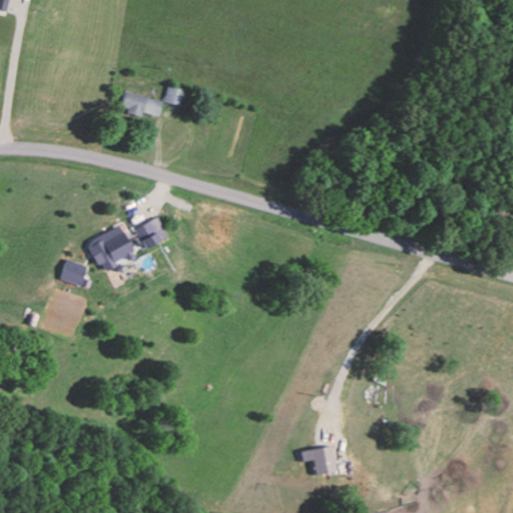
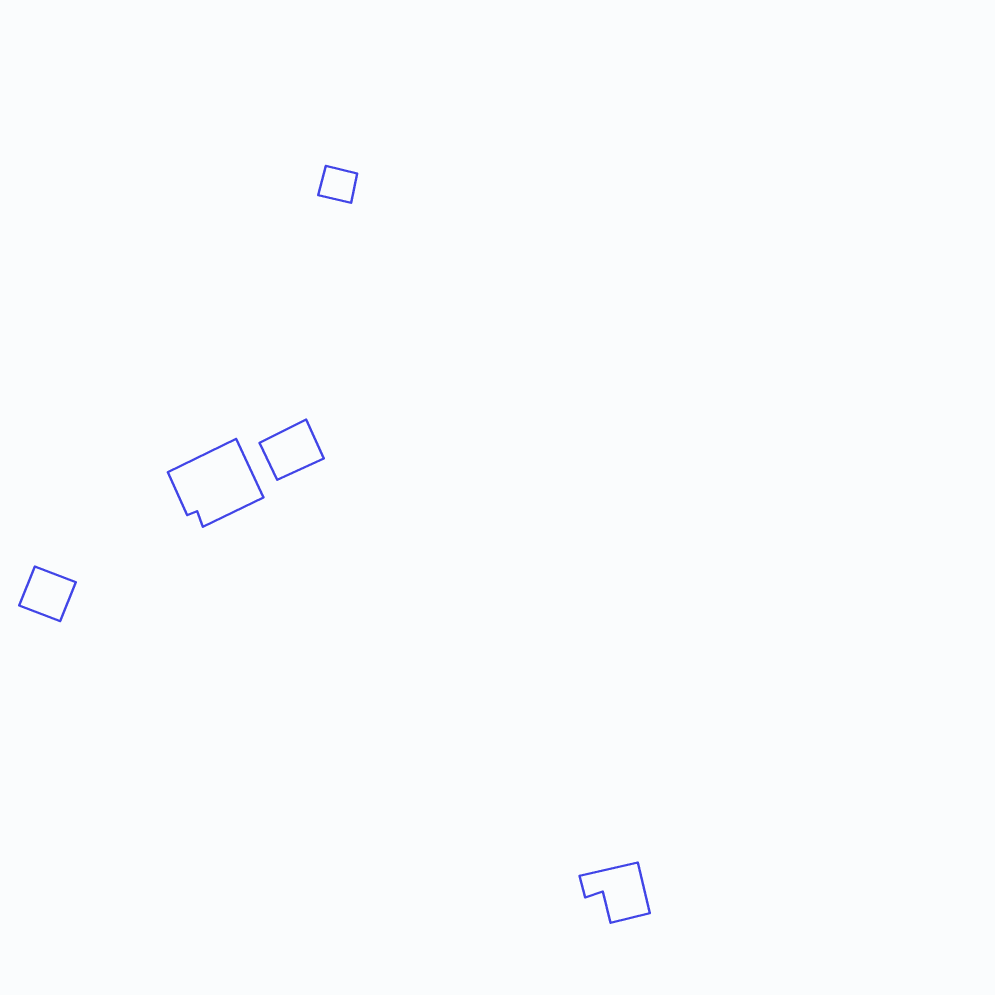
building: [119,90,160,117] -> none
building: [59,258,88,286] -> [19,567,76,621]

